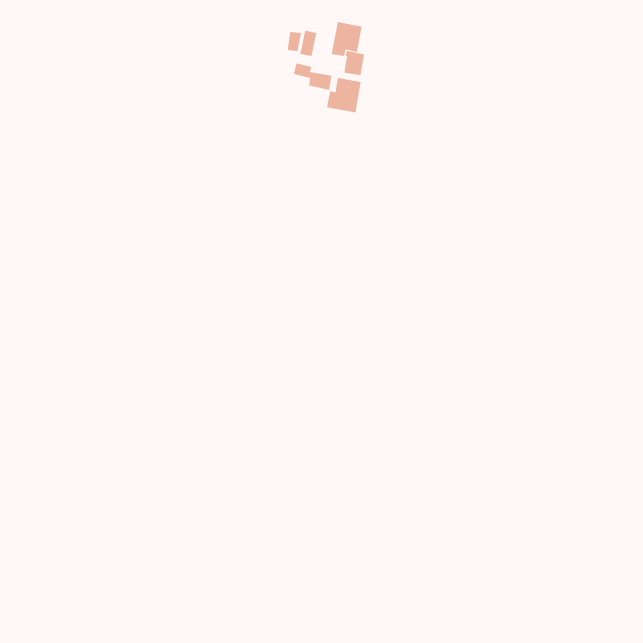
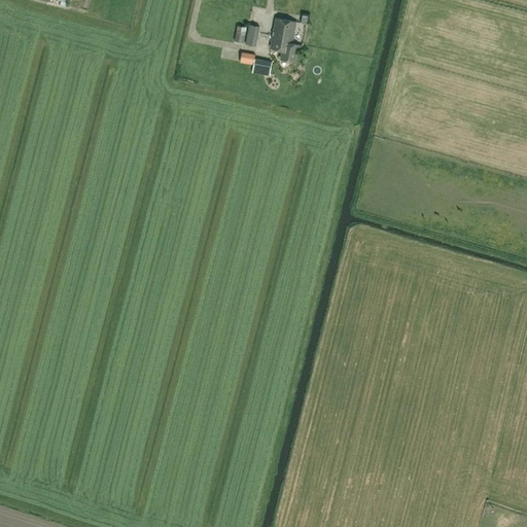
building: [326,77,361,113] -> none

